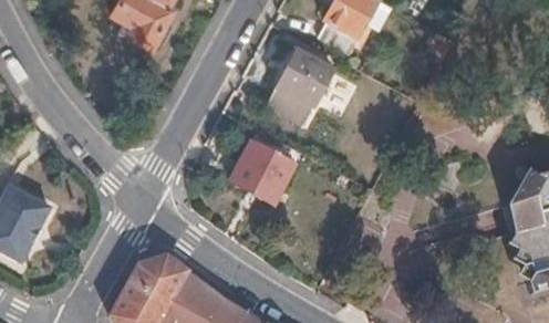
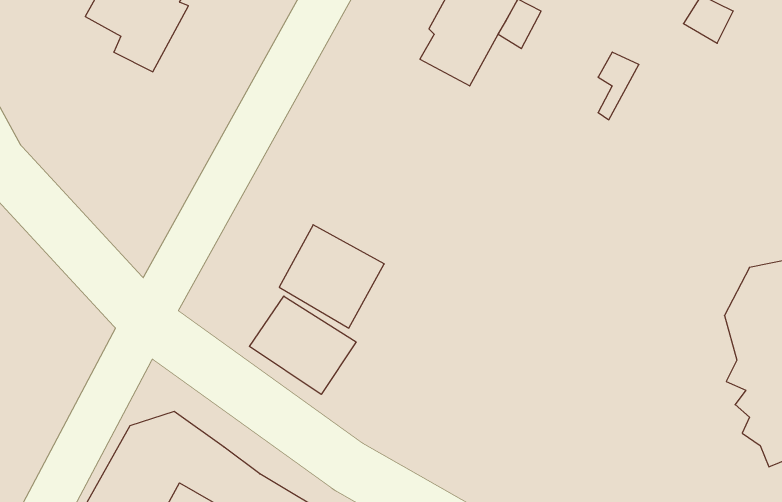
building: [265,48,338,129] -> none
building: none -> [249,296,356,394]

